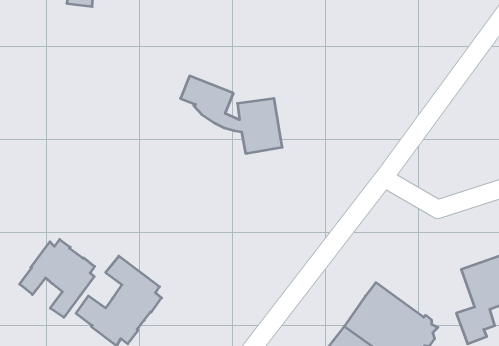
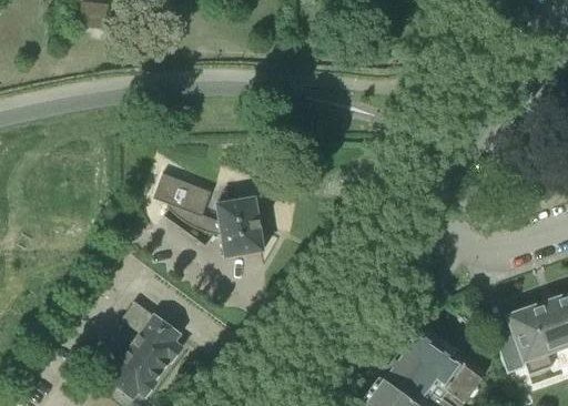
building: [180,76,282,153] -> [153,173,264,257]
building: [20,239,95,317] -> none

